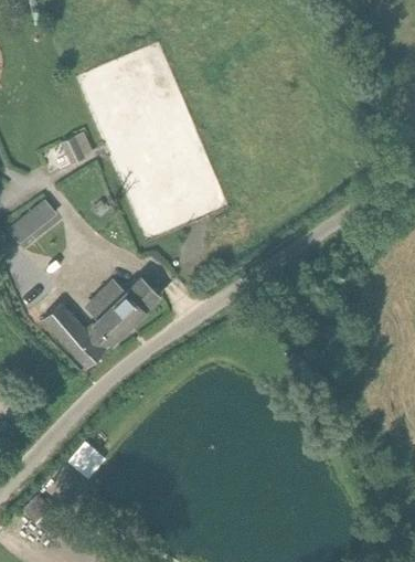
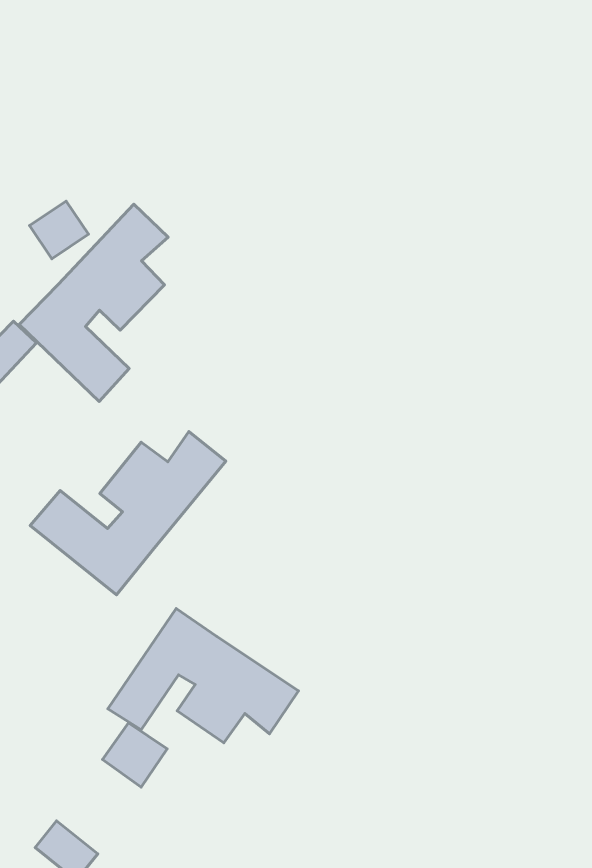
building: none -> [19,204,168,401]
building: none -> [108,609,299,743]

